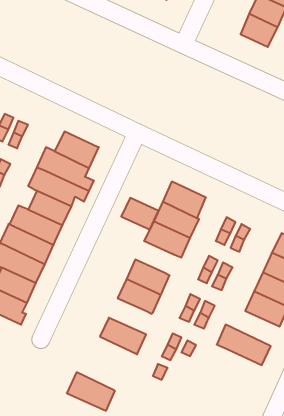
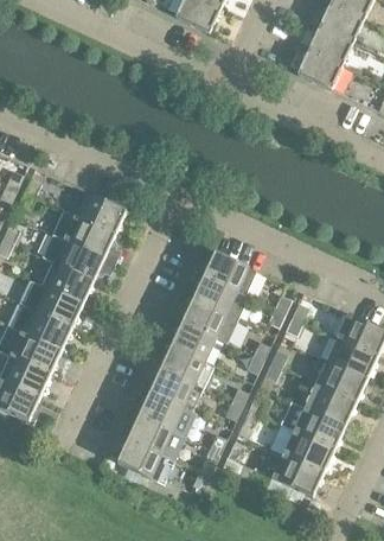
building: [121,198,159,229] -> [171,322,216,359]
building: none -> [139,390,194,434]
building: none -> [280,400,345,448]
building: none -> [271,452,324,496]
building: [67,372,115,411] -> [116,437,174,483]

